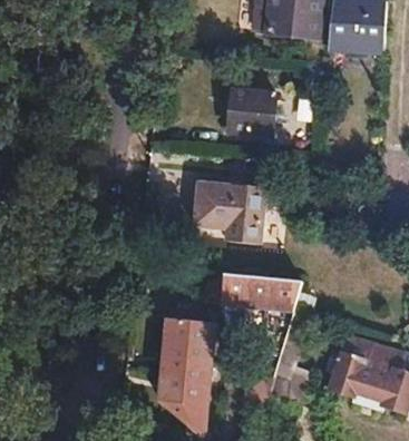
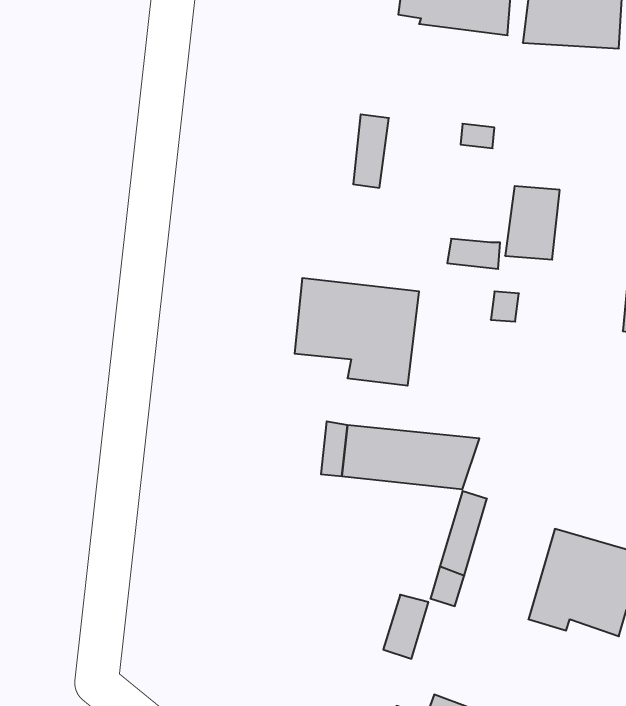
building: [243,92,275,136] -> [505,186,560,260]
building: [157,317,215,433] -> none

